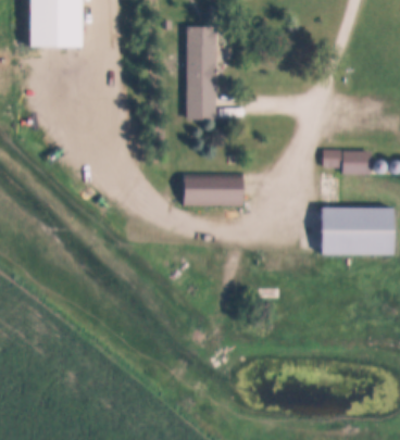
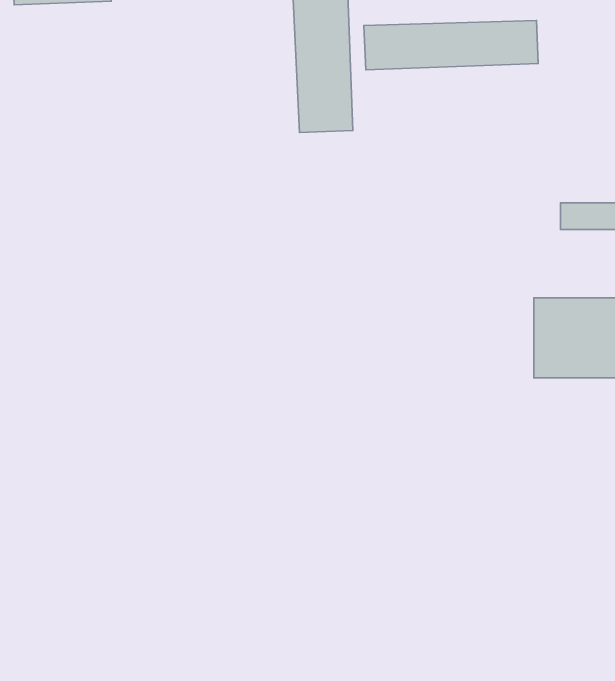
building: none -> [364,21,538,70]
building: [184,177,245,206] -> none

